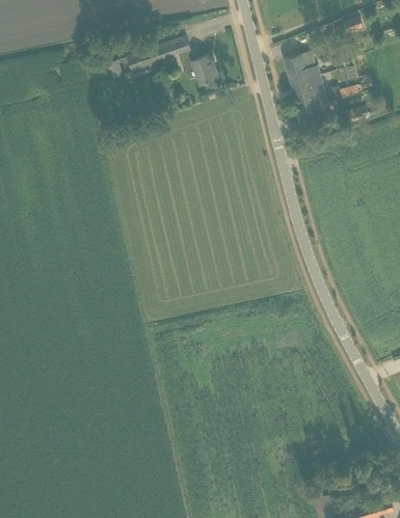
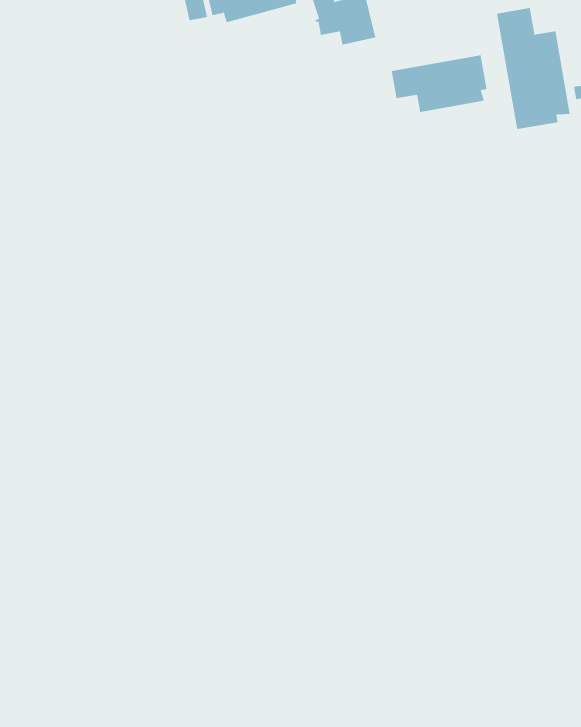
building: none -> [391,55,487,113]

